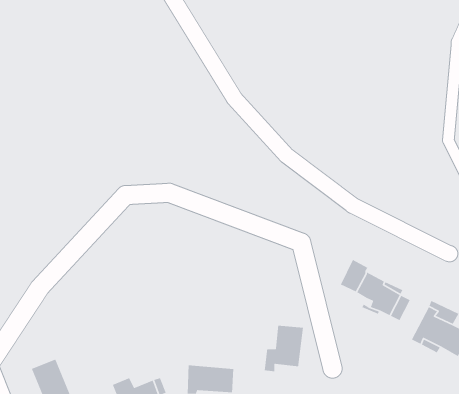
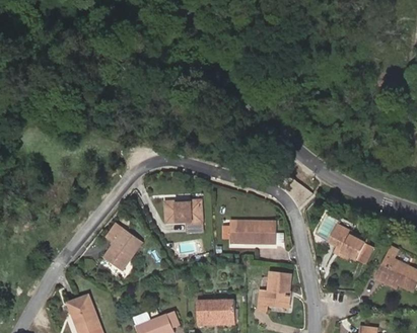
building: none -> [162,199,199,230]
building: none -> [227,219,272,240]
building: none -> [98,223,137,270]

